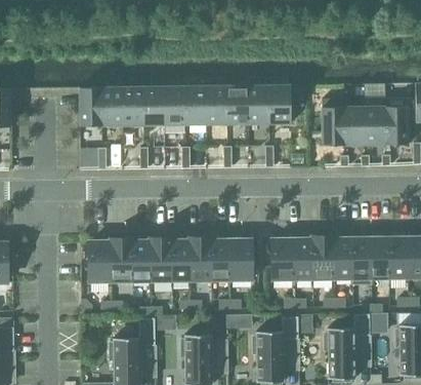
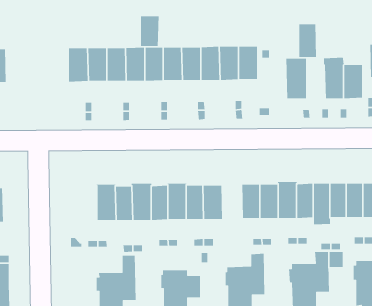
building: none -> [140,15,159,47]
building: [344,107,365,145] -> [299,24,317,58]
building: [88,241,111,281] -> none

